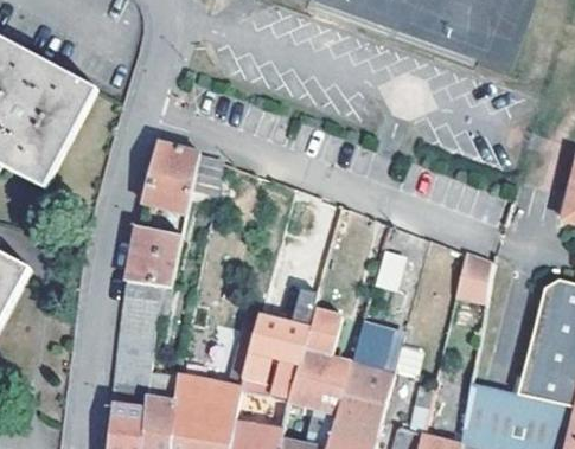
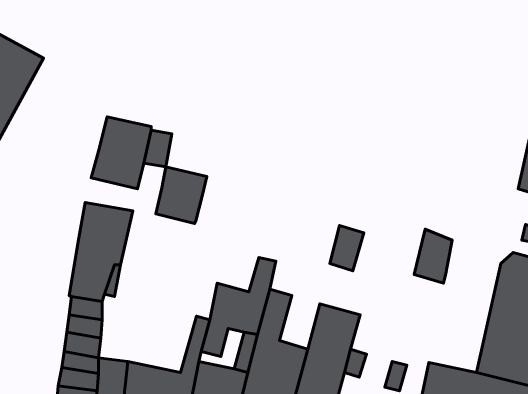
building: none -> [156,167,207,223]

